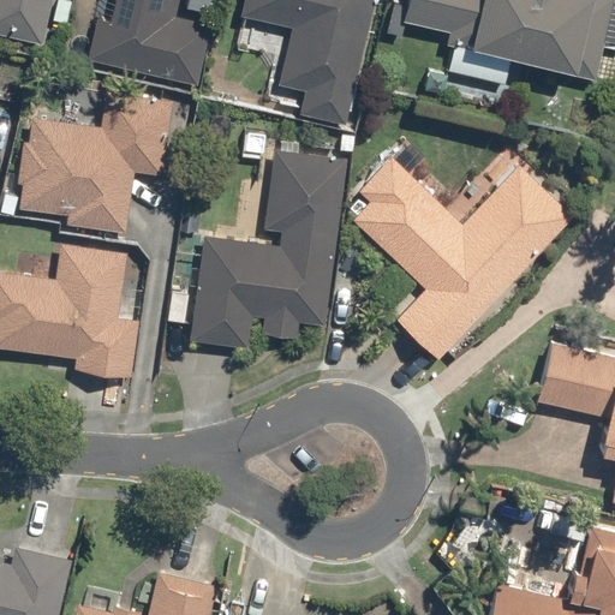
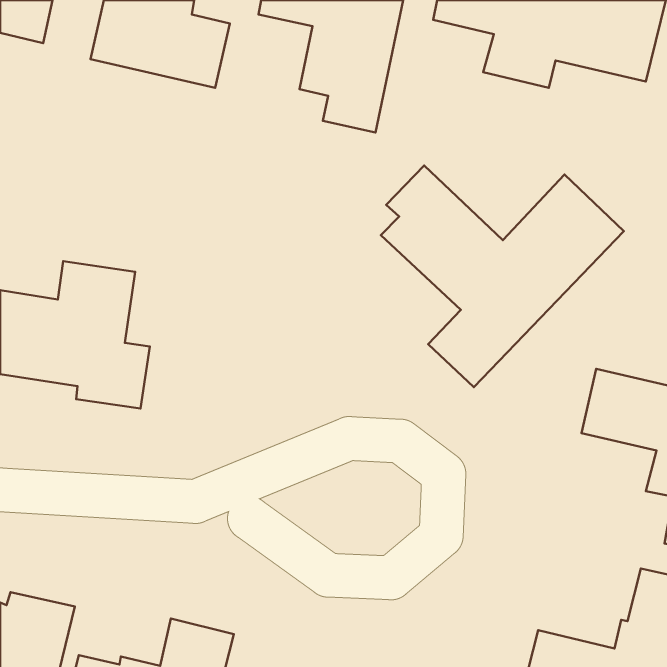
building: [16,90,173,233] -> none
building: [187,149,347,348] -> none

